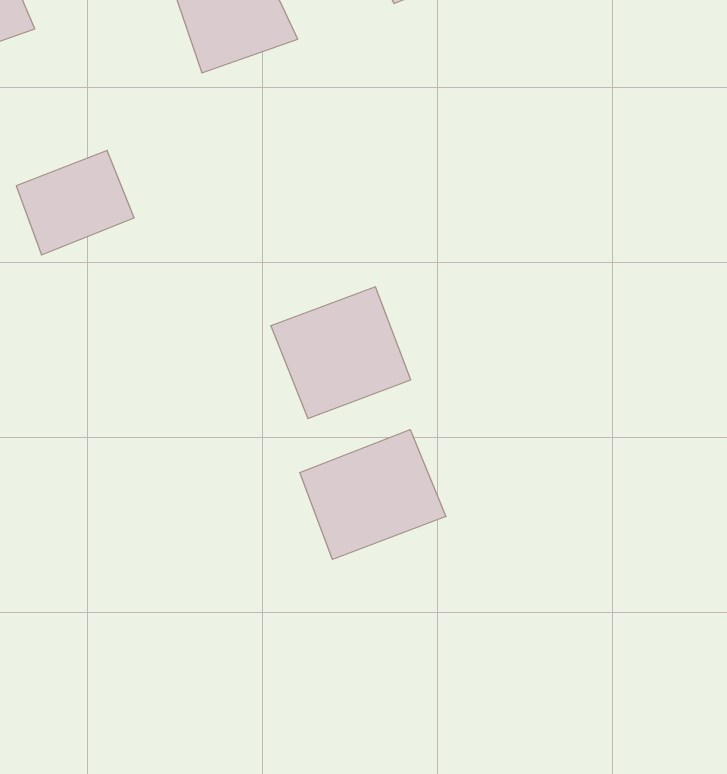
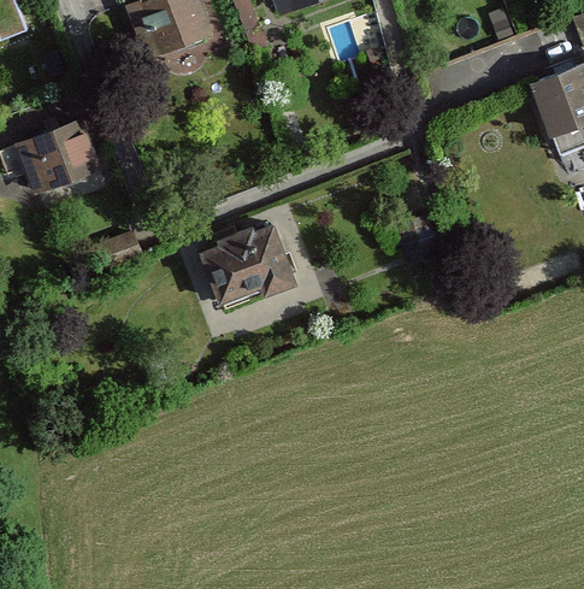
building: [300,430,446,559] -> none

